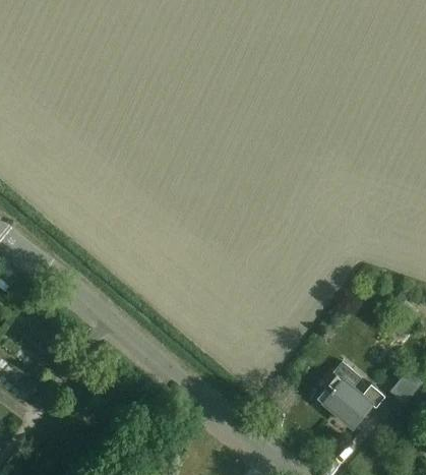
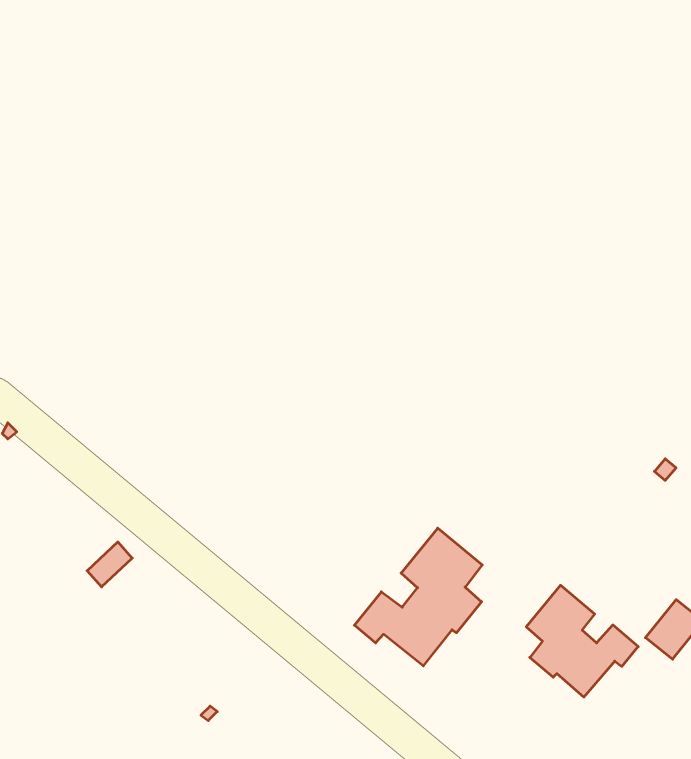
building: none -> [354,528,482,666]

